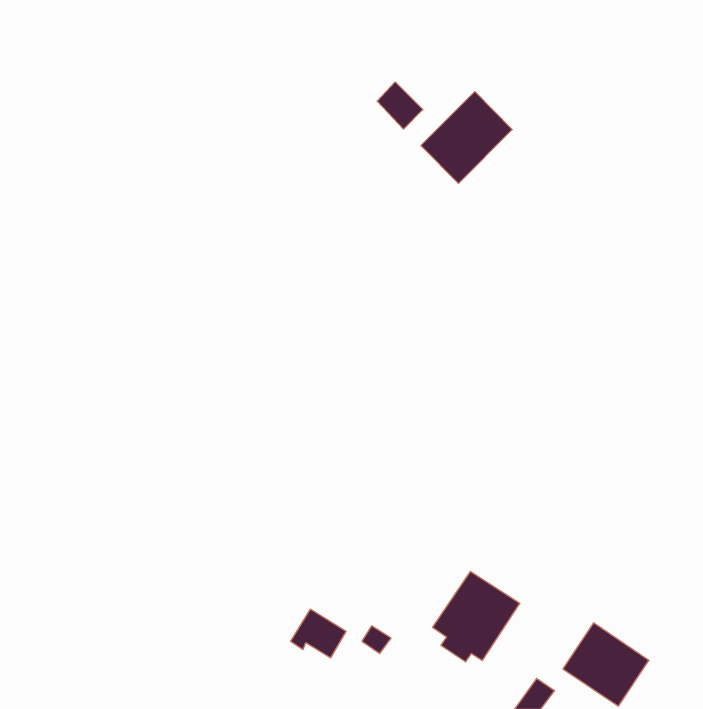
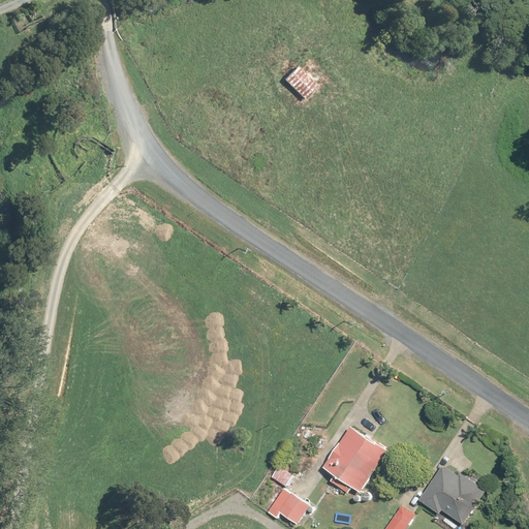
building: [421,92,512,183] -> none
building: [291,609,346,658] -> [267,488,308,524]

